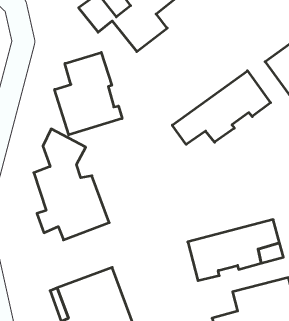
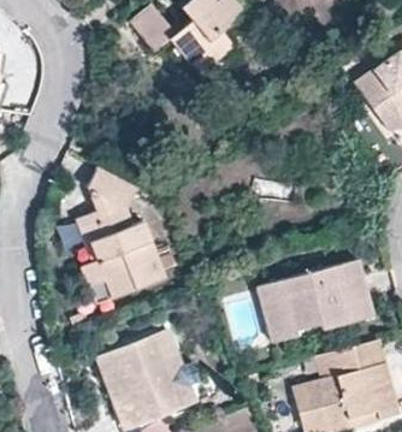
building: [55,52,122,135] -> none
building: [172,71,271,144] -> none

